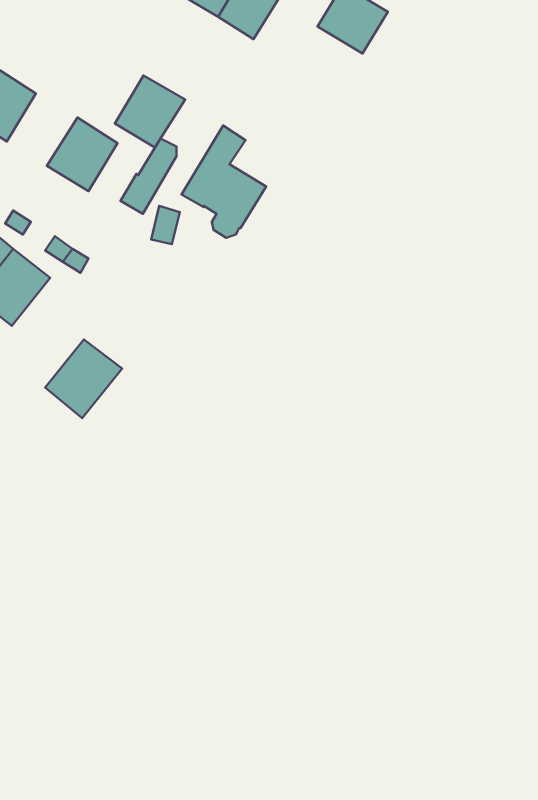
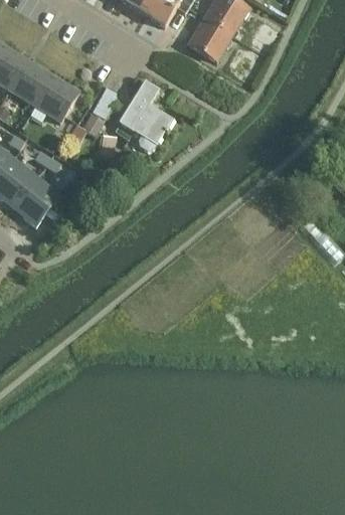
building: none -> [189,18,232,60]
building: [115,76,185,148] -> [9,60,53,106]
building: [45,340,122,418] -> [12,176,60,225]

